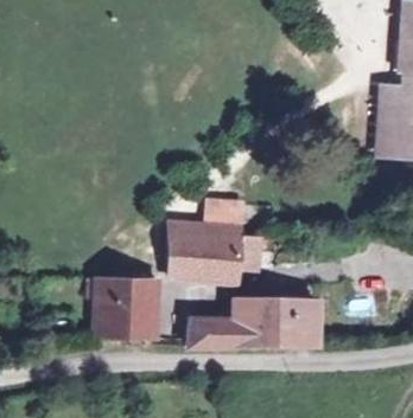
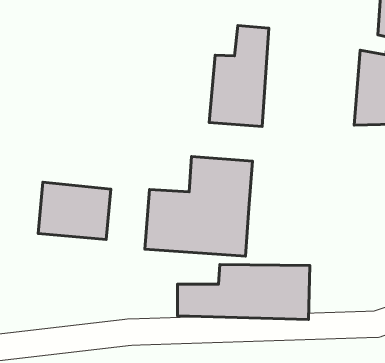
building: none -> [209,25,269,126]
building: [91,278,165,336] -> [38,182,111,239]

